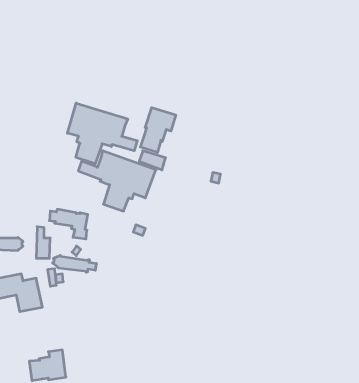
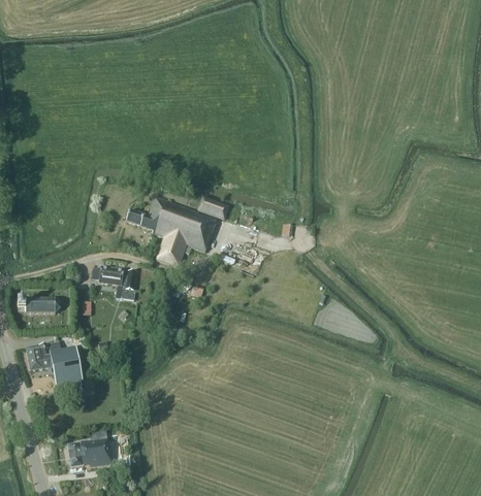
building: [67,103,137,164] -> none
building: [140,108,176,153] -> none
building: [53,255,96,272] -> none

